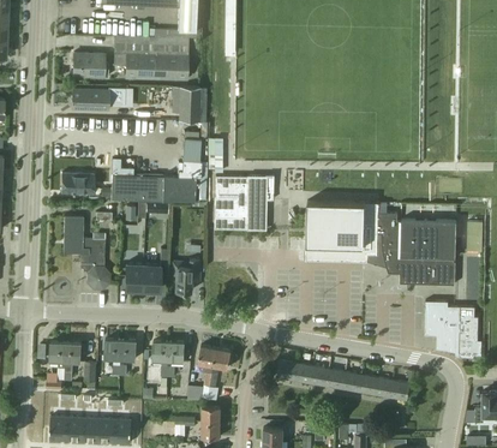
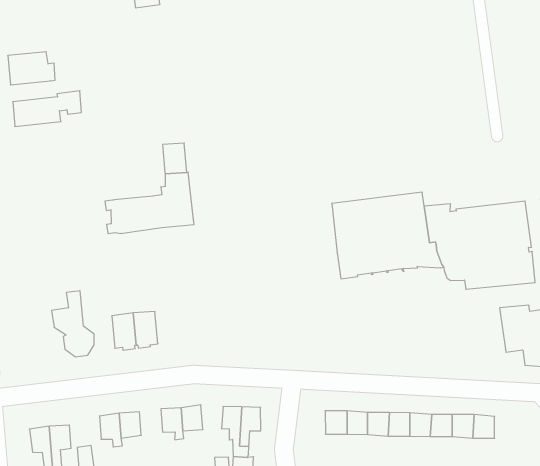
building: [113,35,188,79] -> none
building: [180,86,199,113] -> none
building: [112,159,137,201] -> none
building: [61,173,94,193] -> none
building: [215,175,273,229] -> none
building: [62,219,94,257] -> none
building: [175,259,200,292] -> none

